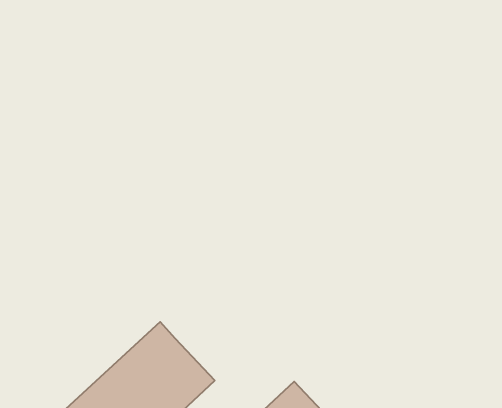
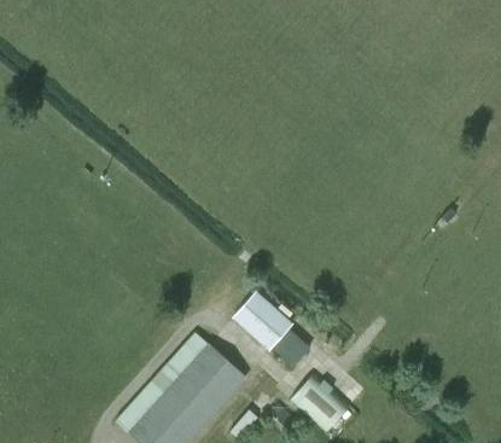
building: none -> [233,291,311,367]

